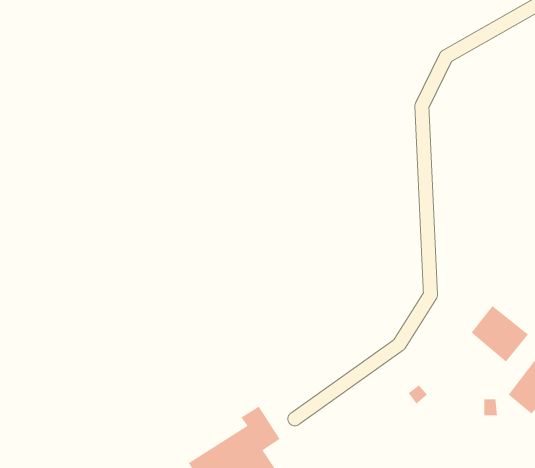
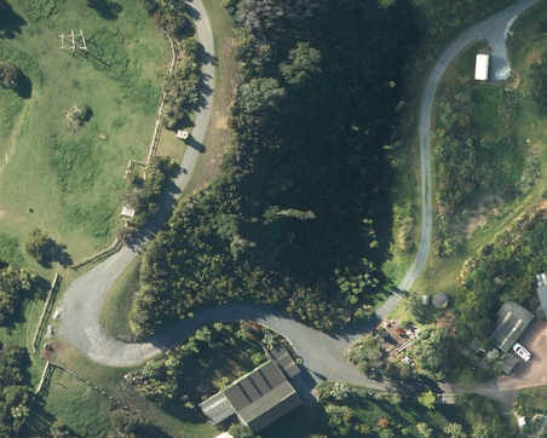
building: [471,305,529,362] -> none

